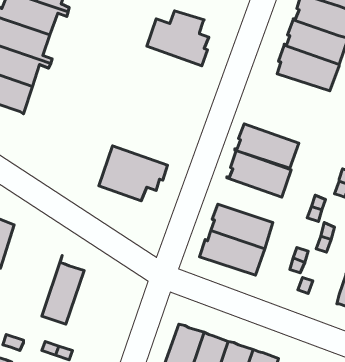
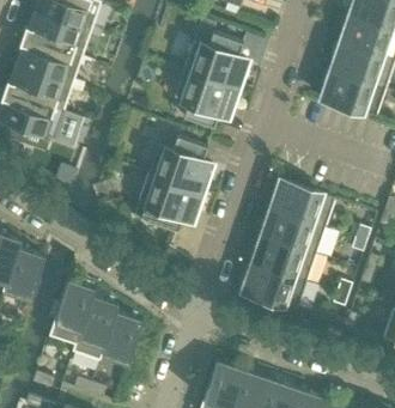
building: none -> [174,69,241,127]
building: none -> [147,136,212,194]
building: [235,124,299,168] -> [257,207,324,254]
building: none -> [48,279,95,352]
building: none -> [98,304,142,365]

